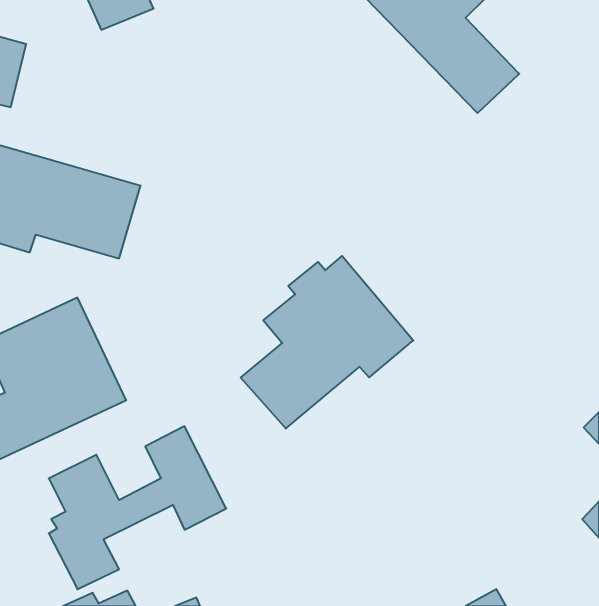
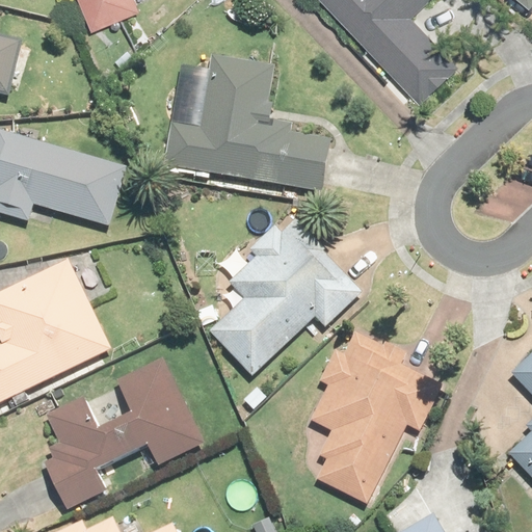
building: none -> [161,54,330,189]
building: none -> [311,335,440,504]

